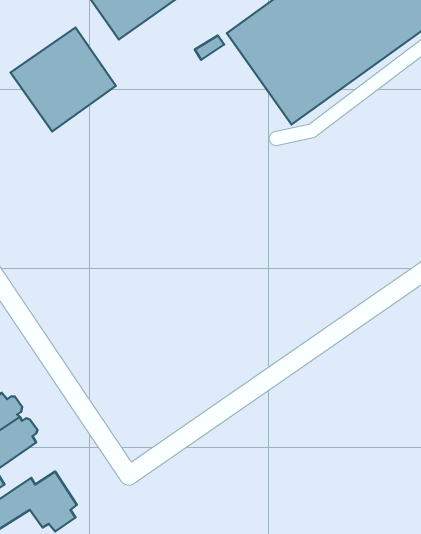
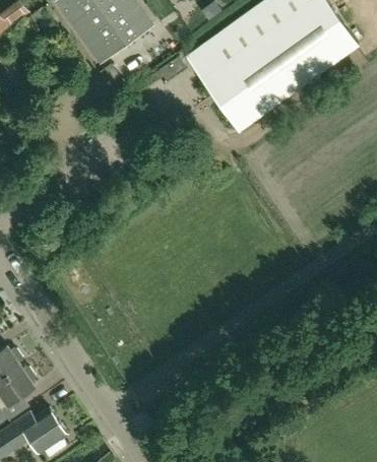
building: [11,27,116,131] -> none

